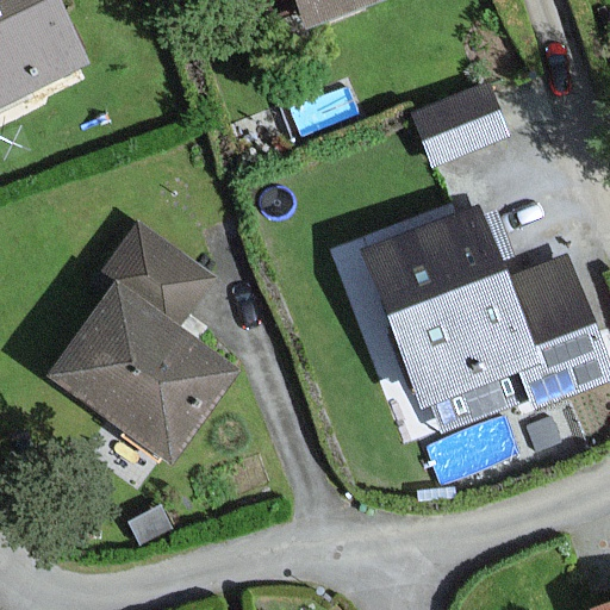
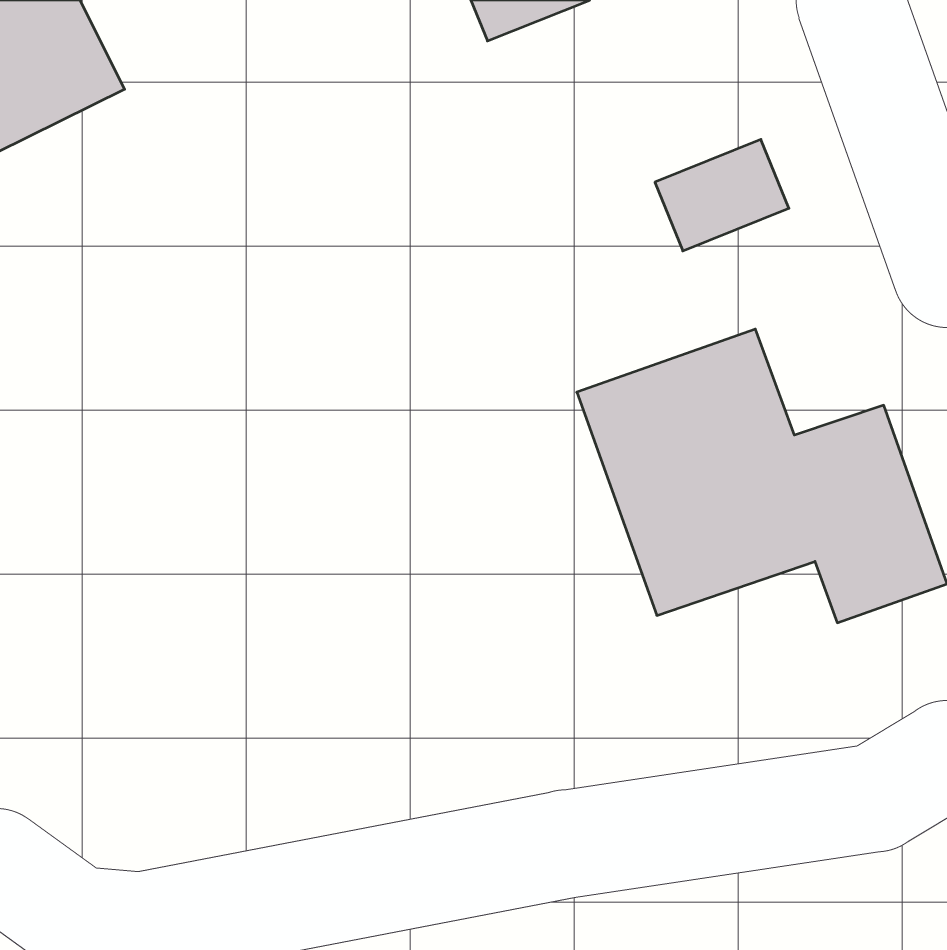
building: [54,223,230,459] -> none

